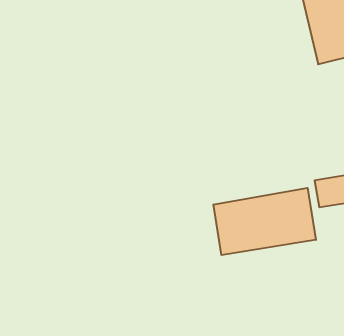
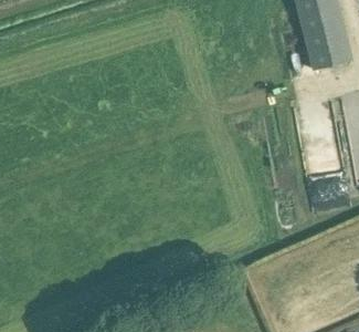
building: [214,188,316,255] -> none

